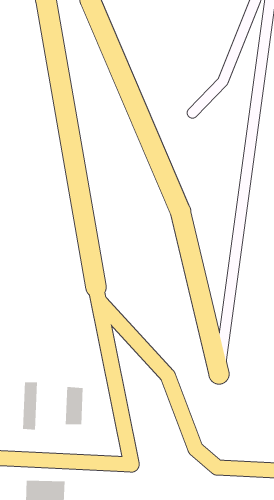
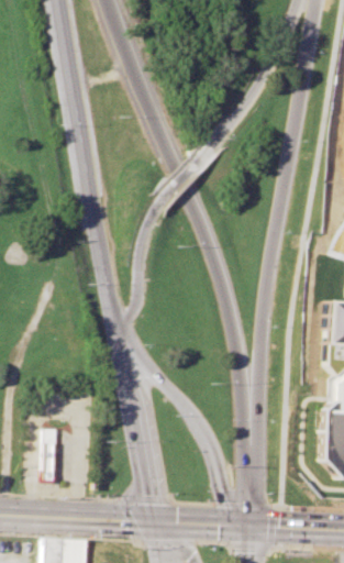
building: [65,386,83,425] -> none

